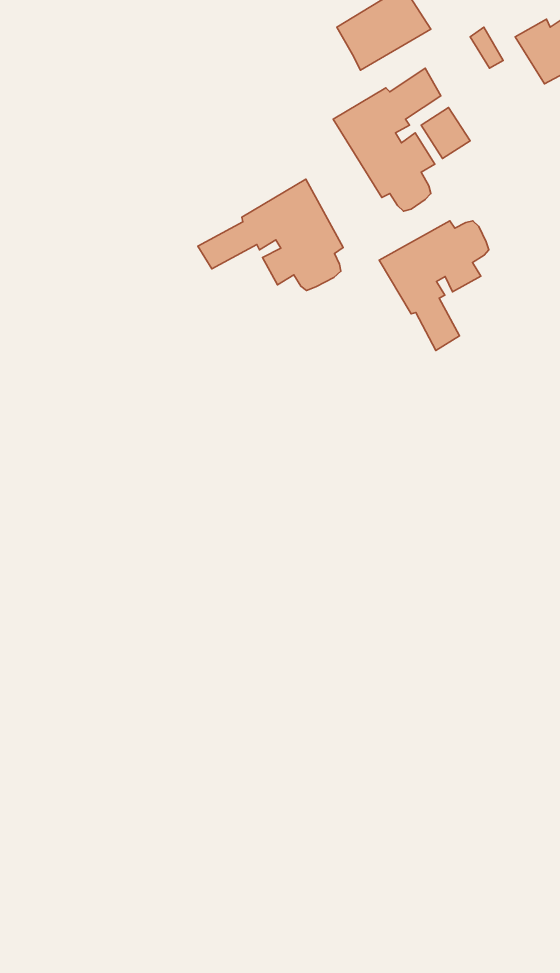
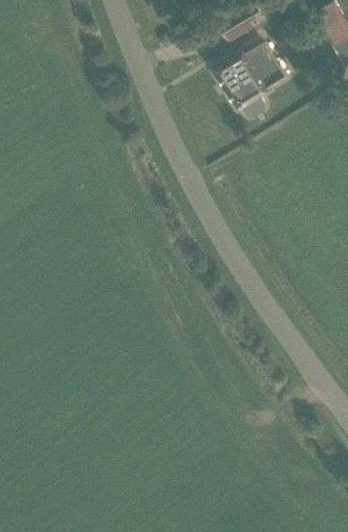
building: [198,179,343,290] -> none
building: [379,221,489,351] -> none

